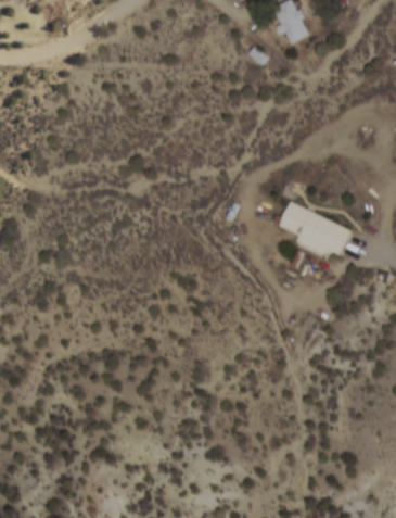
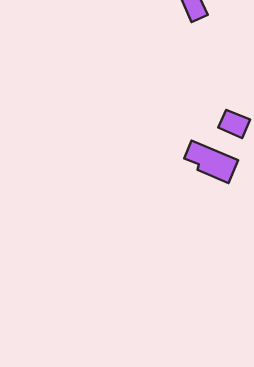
building: none -> [218,110,250,138]

